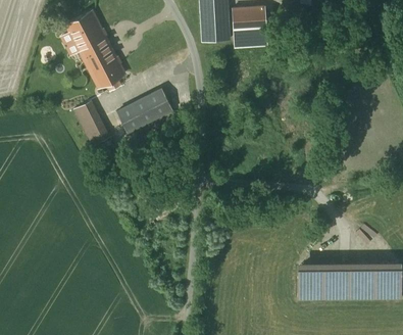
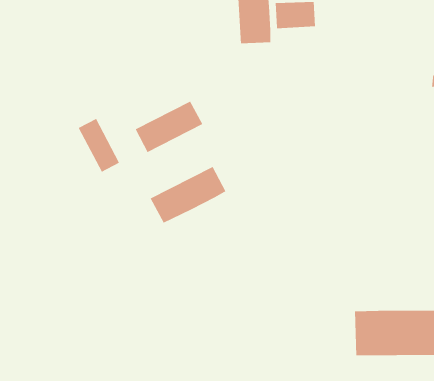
building: [66,12,127,87] -> none
building: [233,28,266,46] -> none
building: none -> [150,166,226,223]

